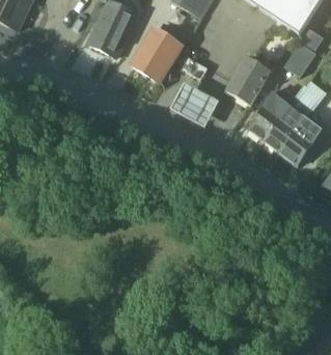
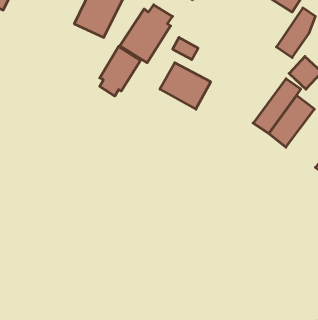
building: [225,58,272,108] -> none
building: none -> [100,46,140,96]
building: [246,92,294,142] -> none

